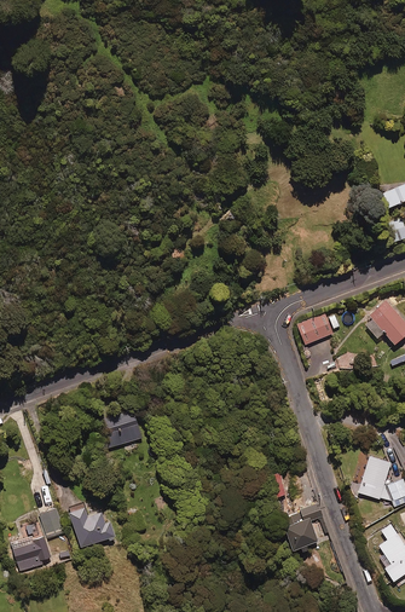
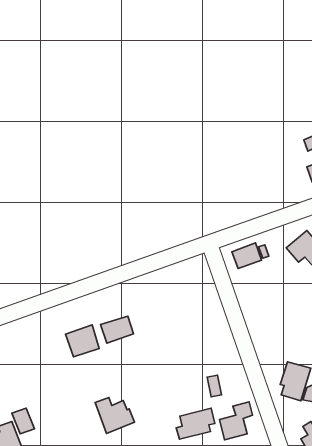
building: none -> [101,316,133,343]
building: [68,506,114,548] -> [95,397,134,433]
building: none -> [176,408,215,439]

